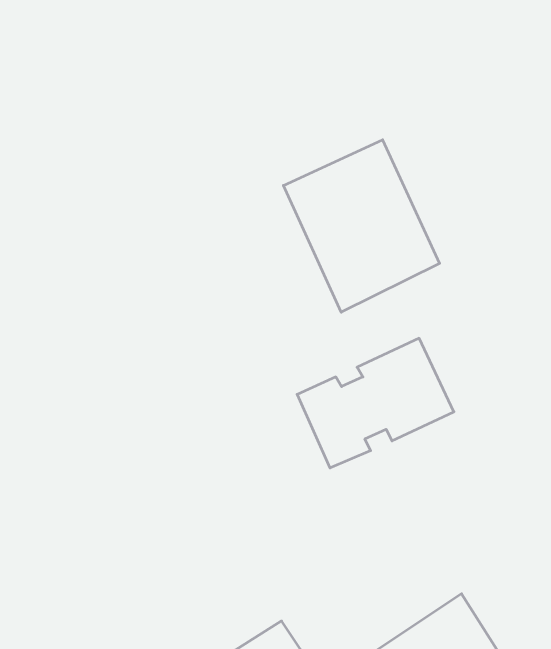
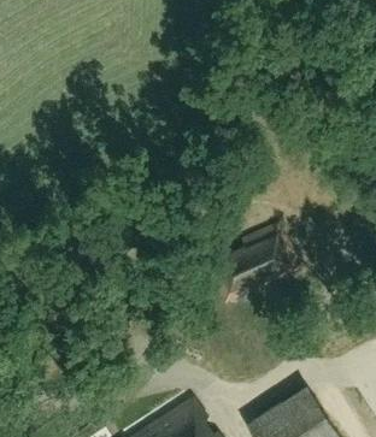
building: [283,140,440,312] -> none

